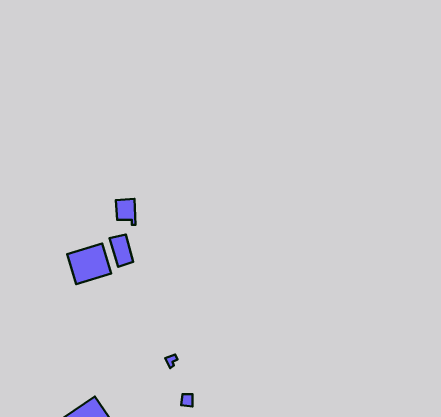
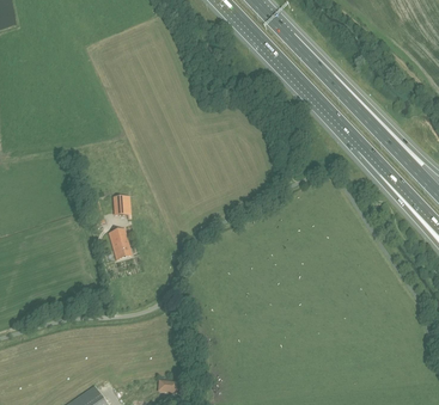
building: [67,244,111,284] -> none

